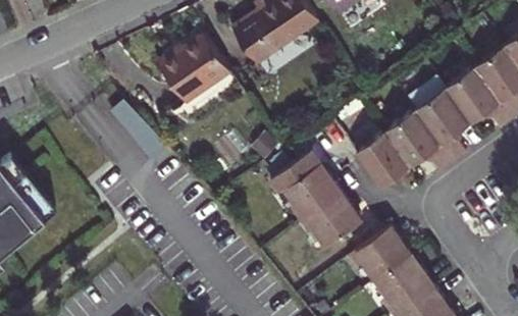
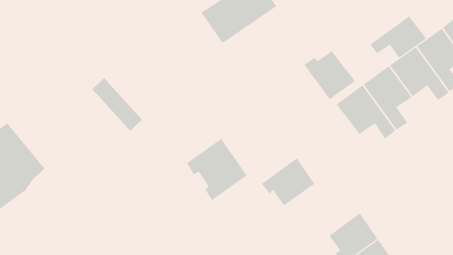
building: none -> [369,15,427,59]
building: [157,35,228,102] -> none
building: [351,133,410,189] -> [303,51,356,100]
building: [270,151,340,222] -> [186,138,248,201]
building: [350,226,411,281] -> none

